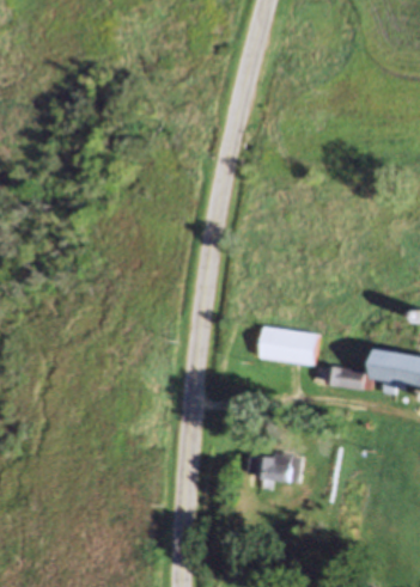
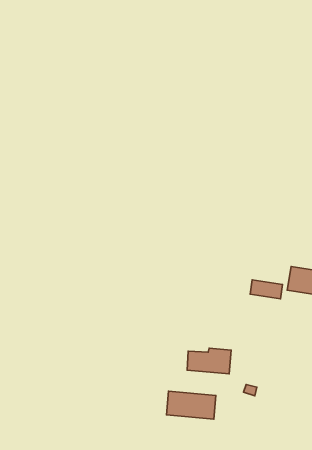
building: [258,326,316,363] -> none
building: none -> [167,391,216,419]

